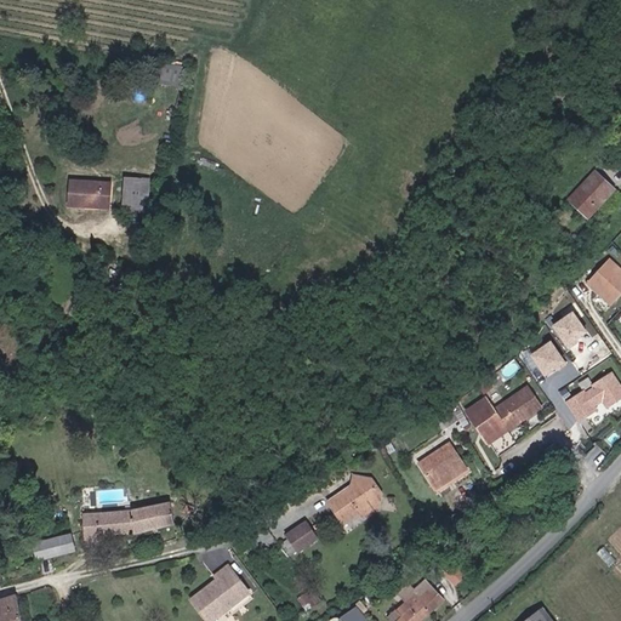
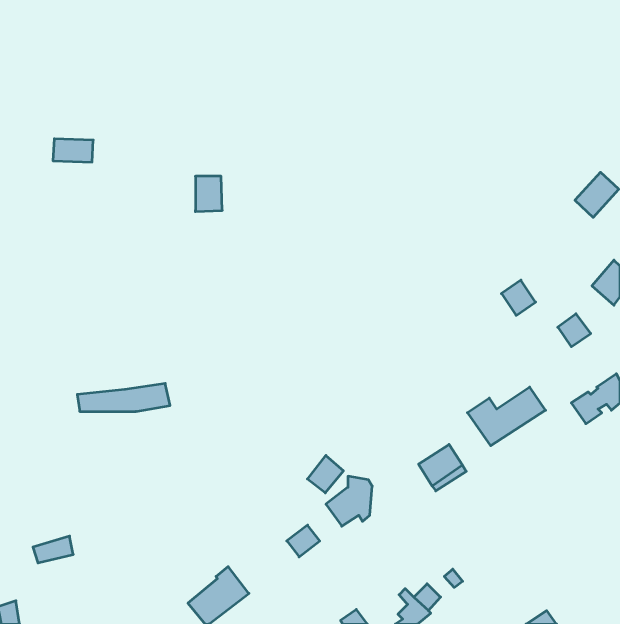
building: [126,176,153,211] -> [195,176,222,212]
building: [69,181,109,204] -> [53,139,93,162]
building: [532,341,566,376] -> [501,280,536,315]
building: none -> [307,455,343,493]
building: [82,503,175,531] -> [77,383,170,411]

